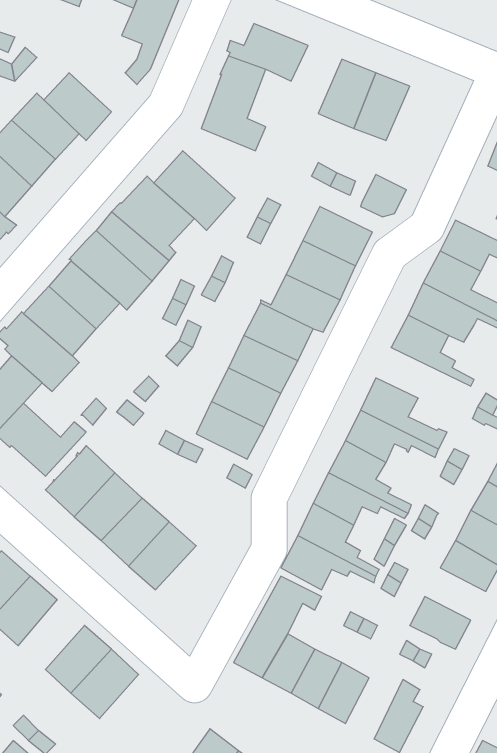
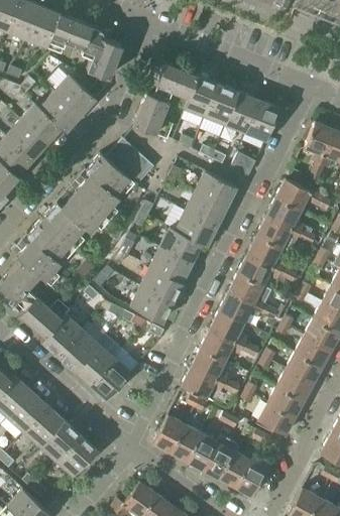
building: none -> [55,75,96,115]
building: none -> [184,76,218,116]
building: none -> [244,100,279,141]
building: none -> [238,255,300,285]
building: none -> [267,386,304,417]
building: none -> [25,405,65,446]
building: none -> [220,449,254,488]

